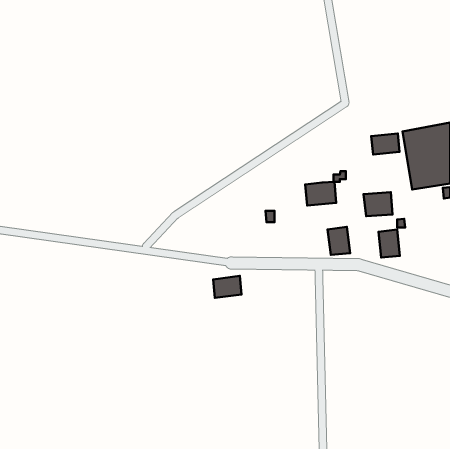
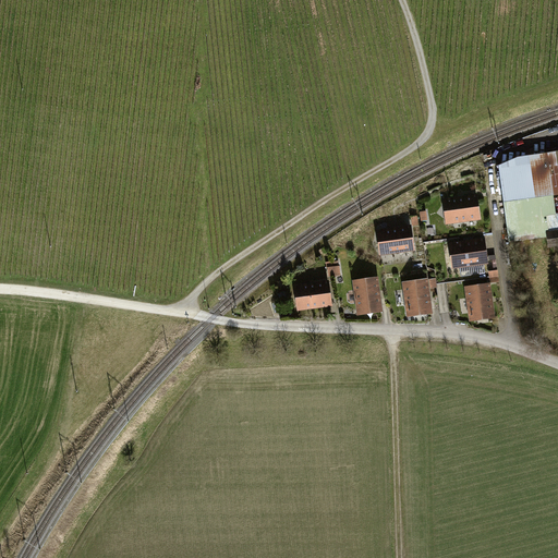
building: [371,133,399,155] -> [444,196,478,222]
building: none -> [354,279,381,313]
building: [213,276,241,298] -> [295,282,330,310]

